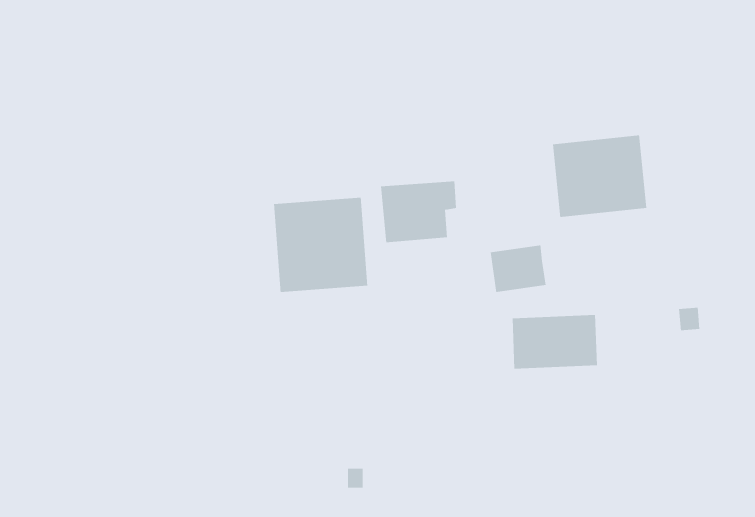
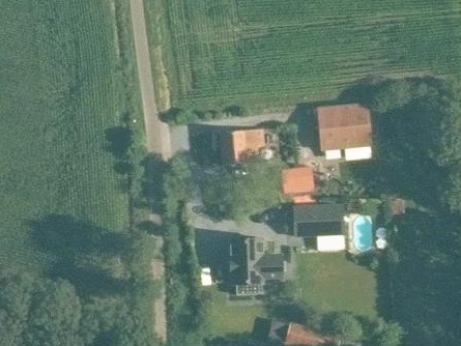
building: [274,197,368,293] -> none
building: none -> [229,236,282,294]

